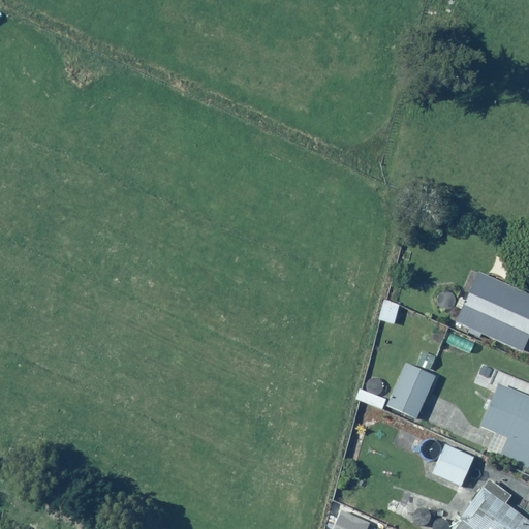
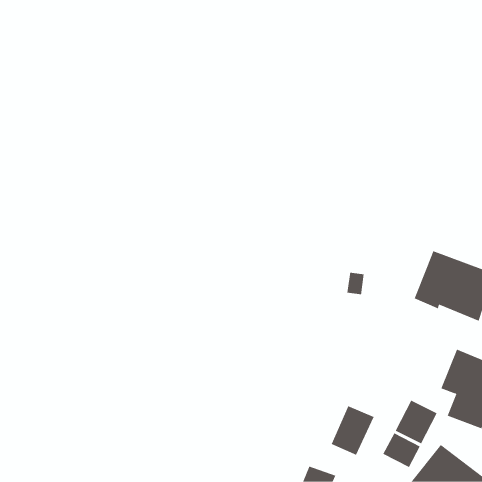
building: [388,363,436,417] -> [331,405,374,455]
building: none -> [382,432,421,468]

